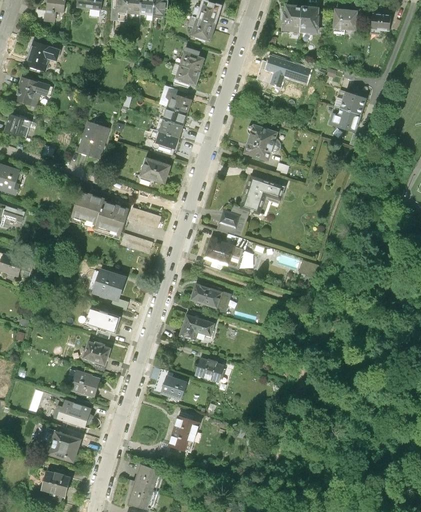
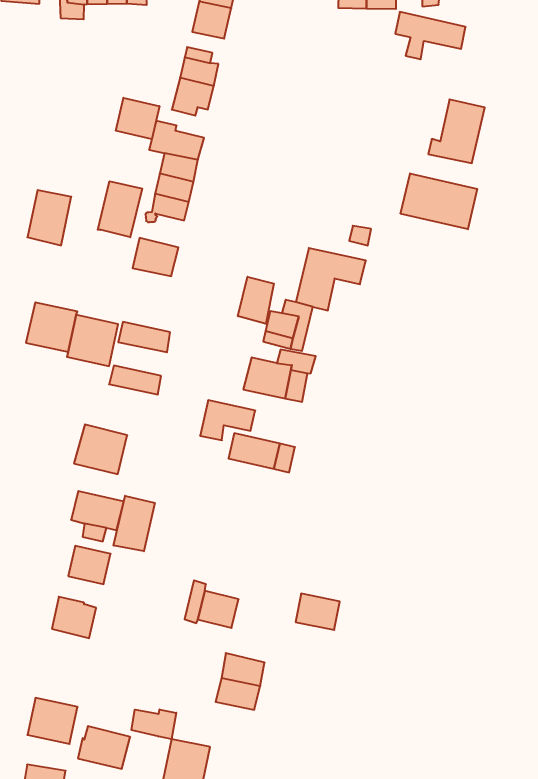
building: [265,56,308,86] -> [395,12,466,59]
building: none -> [116,98,159,139]
building: none -> [98,181,142,237]
building: [243,123,280,160] -> none
building: none -> [401,173,477,229]
building: none -> [238,277,274,324]
building: none -> [114,496,155,551]
building: [177,313,212,338] -> [200,400,255,440]
building: [194,356,222,380] -> [296,594,340,630]
building: [58,399,91,427] -> [78,726,130,769]
building: none -> [131,709,176,739]

